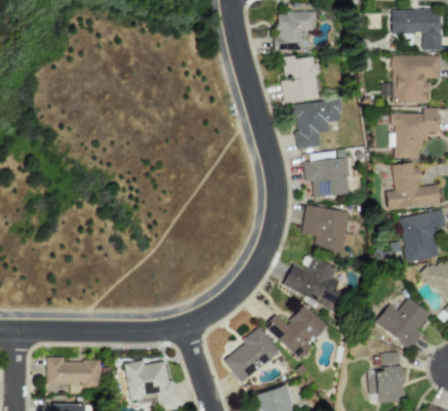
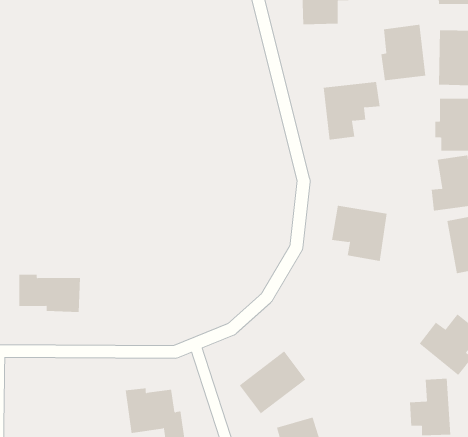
building: [282,55,321,104] -> [381,24,426,81]
building: [304,159,351,197] -> none
building: [283,258,340,307] -> none
building: [264,305,328,359] -> none
building: [47,358,100,391] -> [18,274,81,312]

